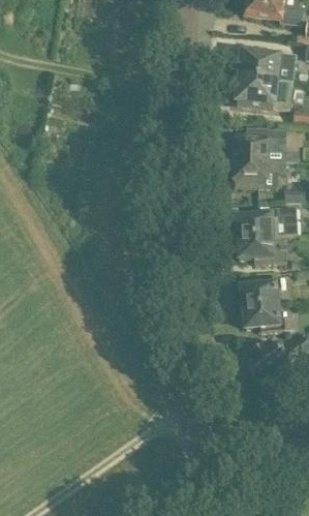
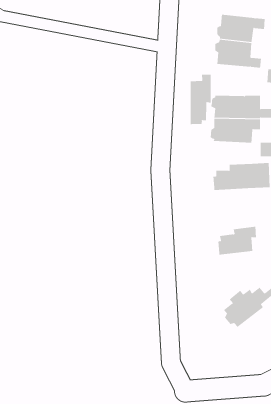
building: none -> [190,74,211,125]
building: [237,236,287,263] -> none
building: [242,303,287,332] -> none

